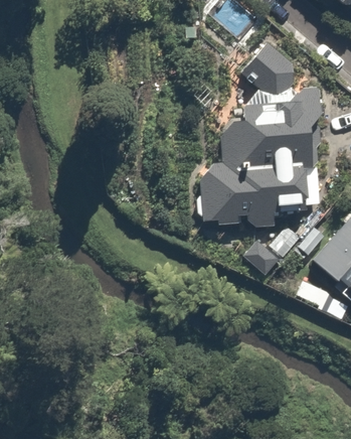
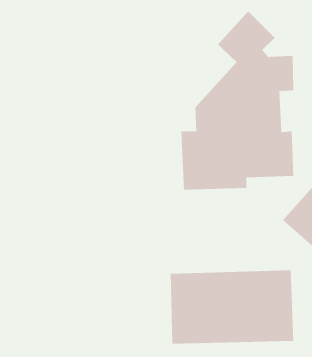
building: none -> [170,270,294,345]

